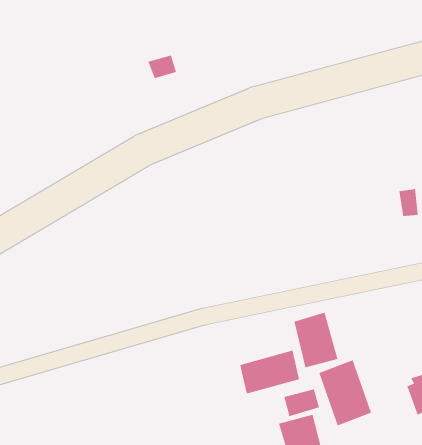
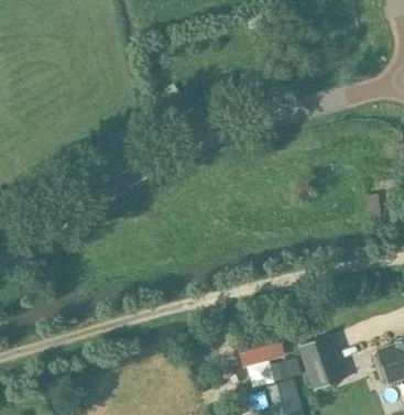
building: [294,312,338,368] -> none

